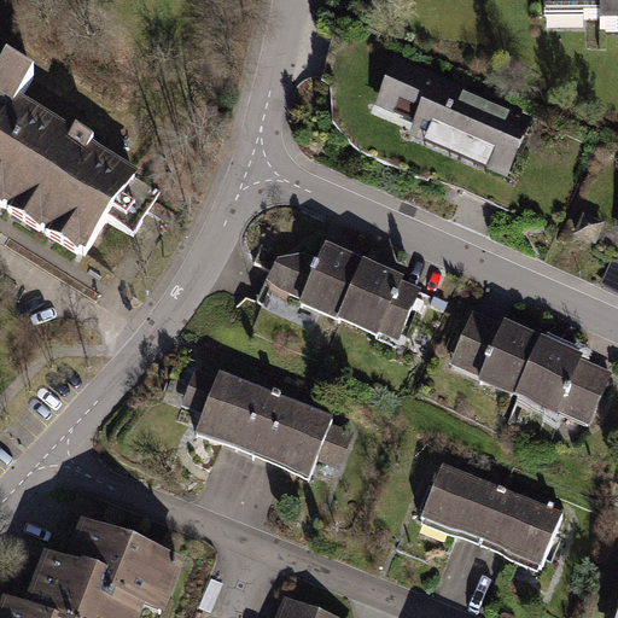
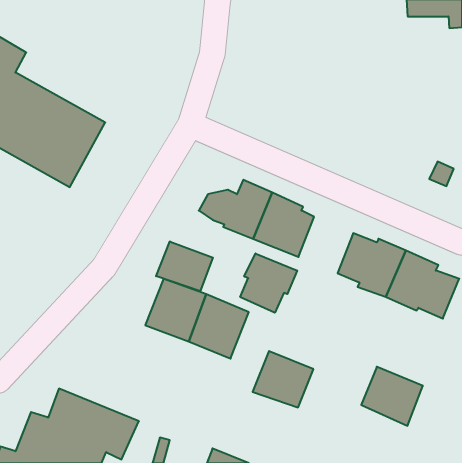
building: [372,60,531,179] -> none
building: none -> [156,241,213,291]
building: none -> [240,253,297,313]
building: [420,464,501,538] -> [253,351,313,407]

